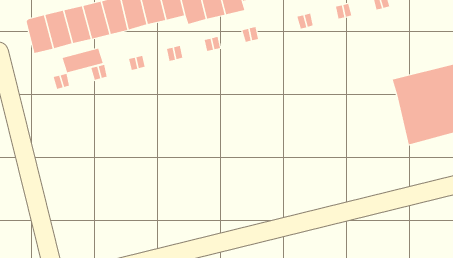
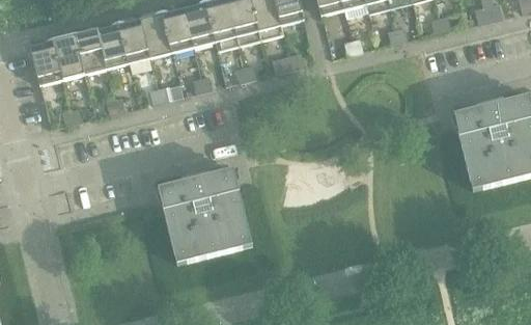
building: [62,48,104,73] -> none
building: none -> [158,167,252,263]

